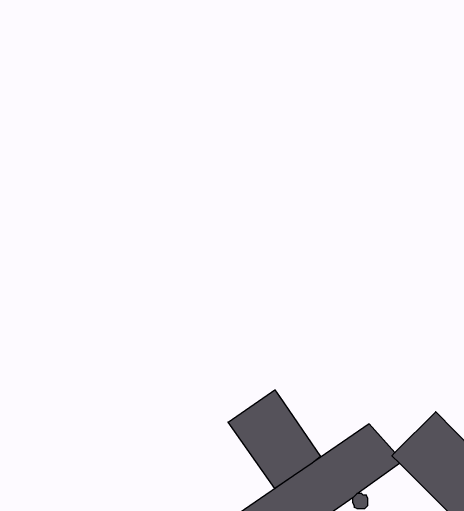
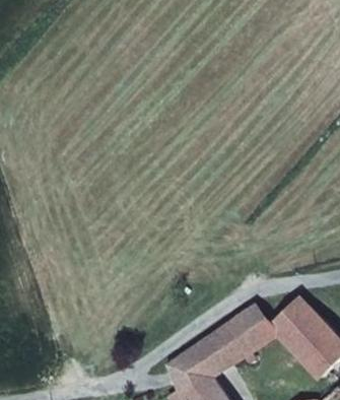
building: [228,390,320,489] -> none

